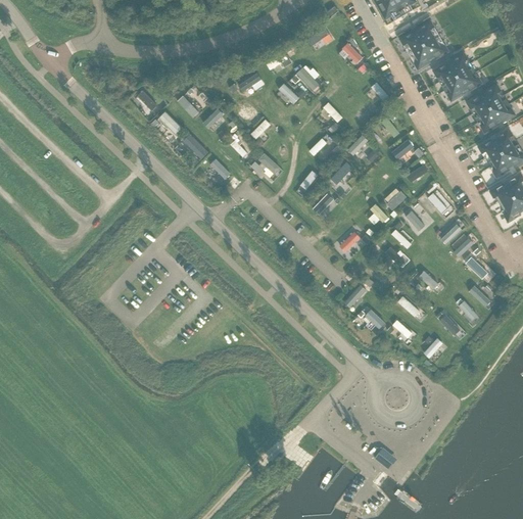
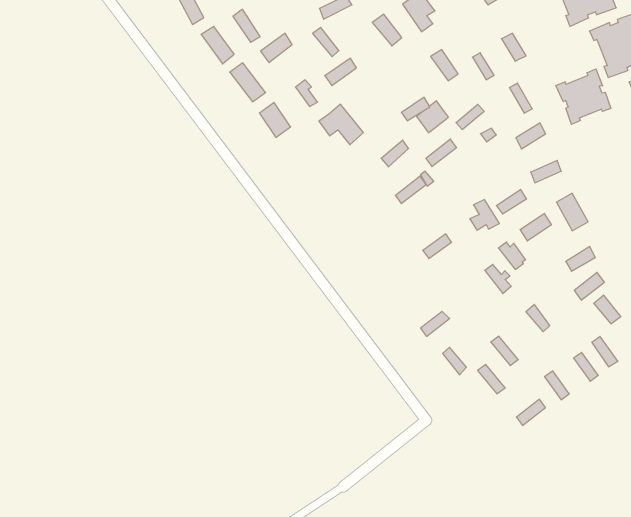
building: none -> [556,69,611,124]

